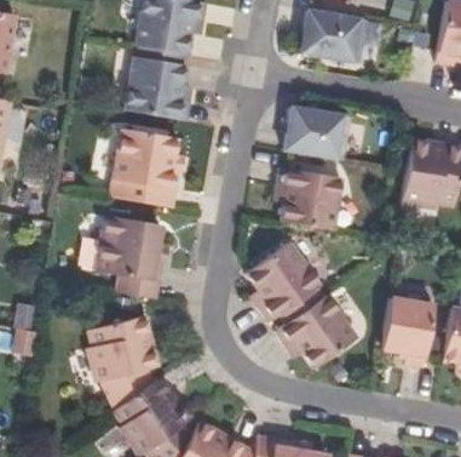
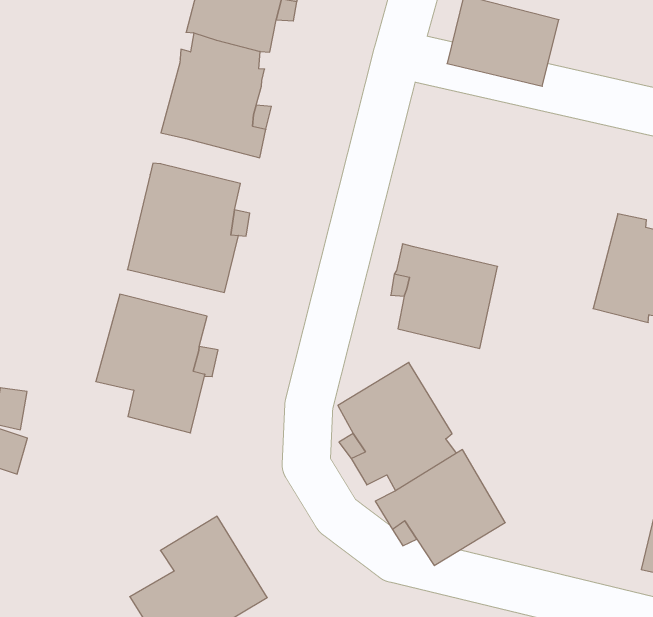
building: [282,114,350,167] -> none
building: [381,305,433,375] -> none
building: [87,321,154,413] -> none

